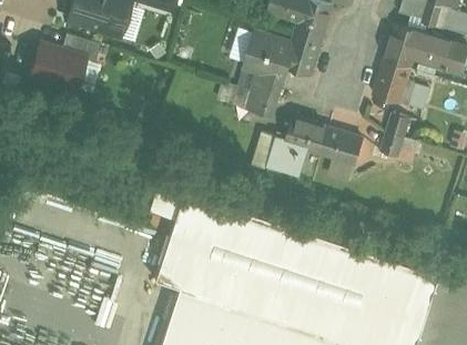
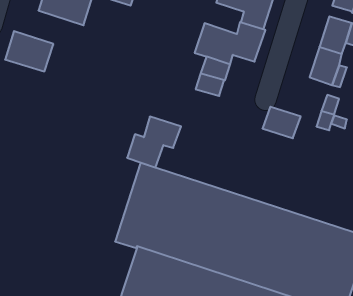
building: [62,33,99,62] -> none
building: [267,118,328,175] -> [127,117,181,168]

